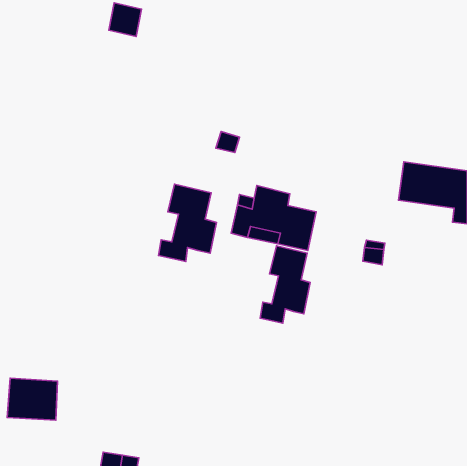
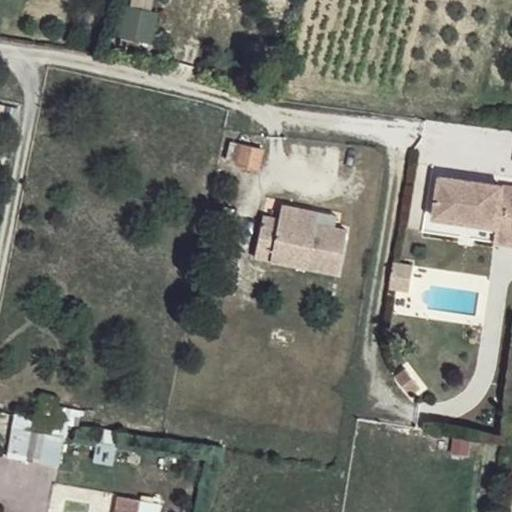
building: [158,184,216,262] -> none
building: [260,246,310,323] -> none

